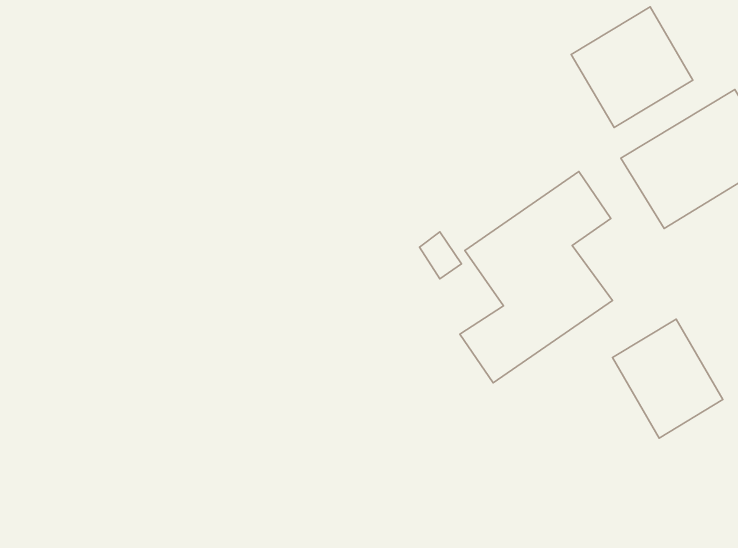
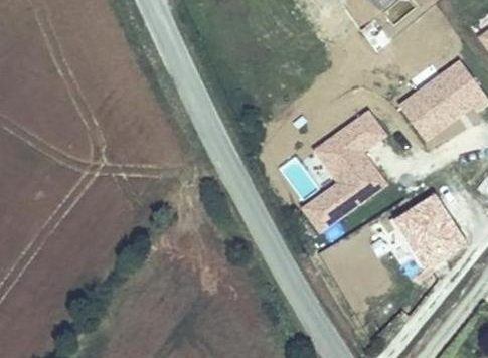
building: [571,7,693,128] -> none

